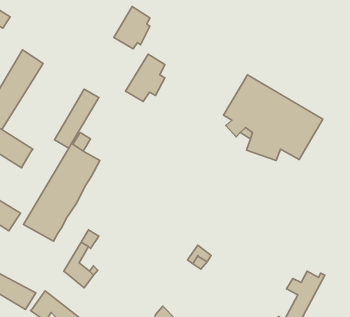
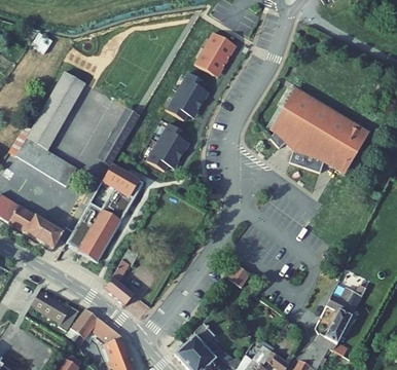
building: [114,6,150,49] -> [195,34,231,76]
building: none -> [147,122,186,171]

